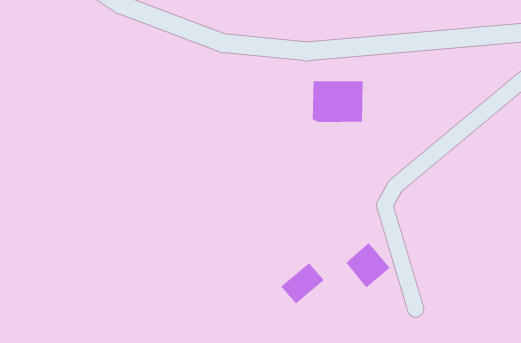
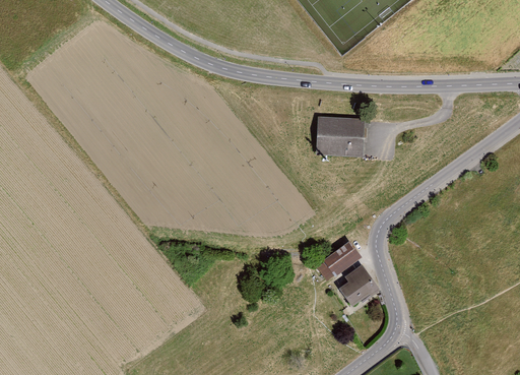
building: [280,262,325,305] -> [322,240,363,277]

